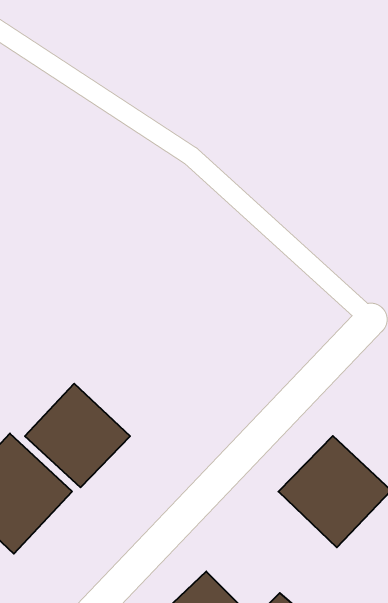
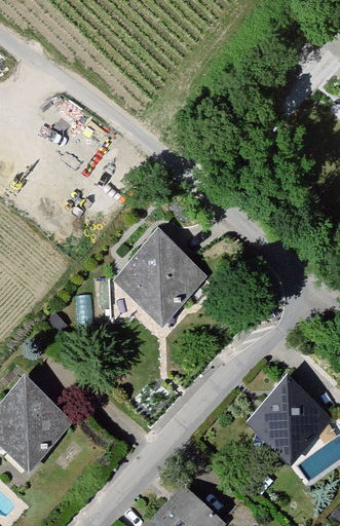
building: none -> [110,228,211,329]
building: [25,384,130,487] -> none

